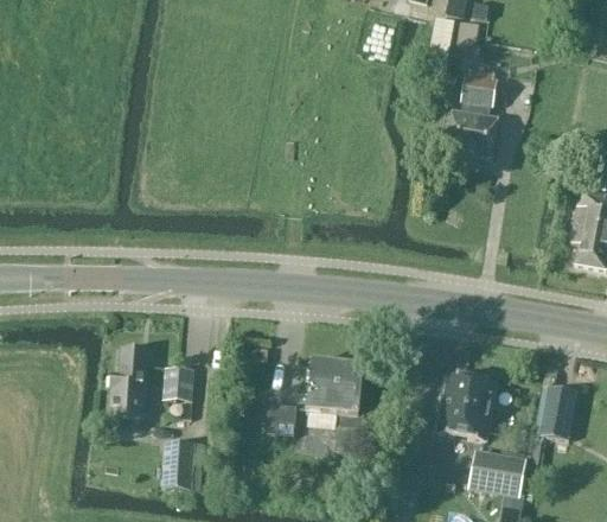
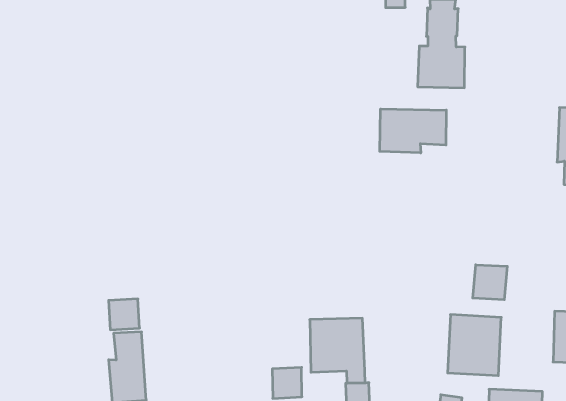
building: none -> [380,109,446,153]
building: none -> [473,265,507,300]
building: [164,364,194,395] -> [109,299,140,330]

